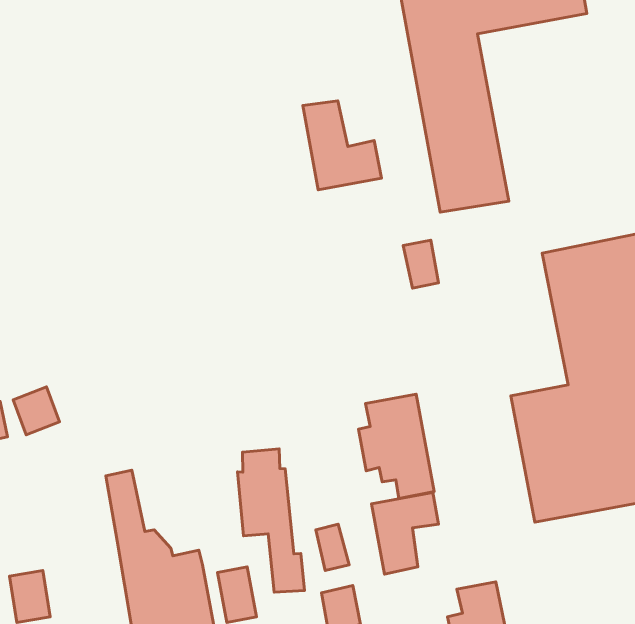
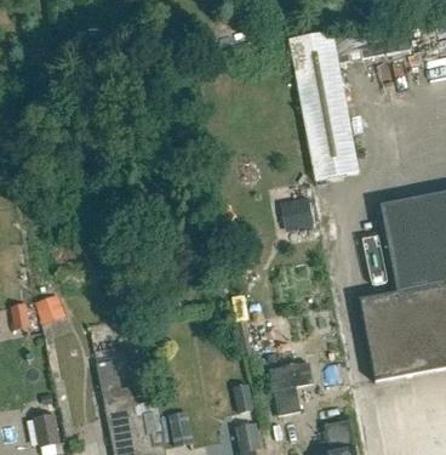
building: [303,101,381,190] -> none
building: [359,394,434,499] -> none
building: [237,449,304,592] -> none

